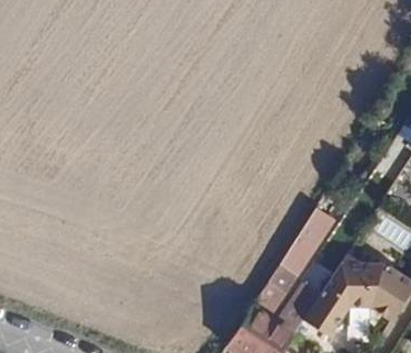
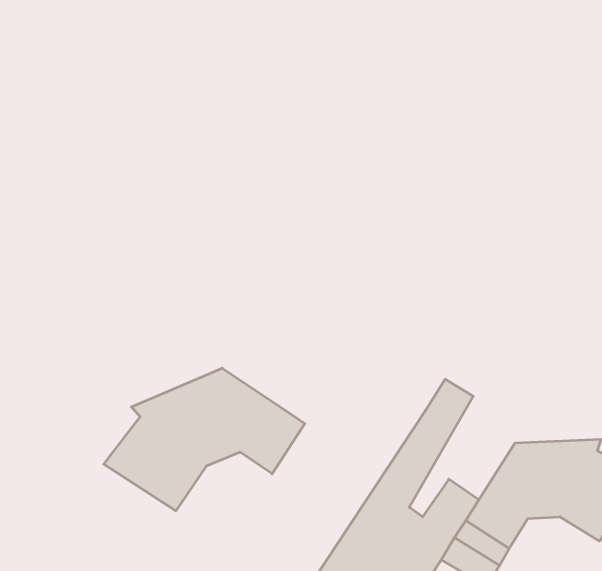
building: none -> [104,368,305,511]

